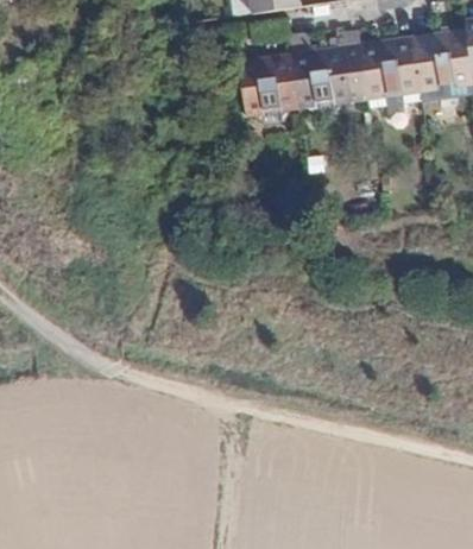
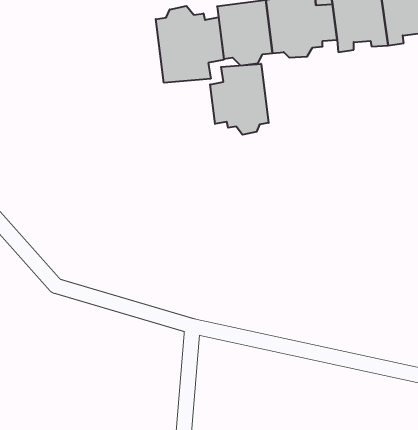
building: none -> [156,6,224,83]
building: none -> [210,64,269,135]

